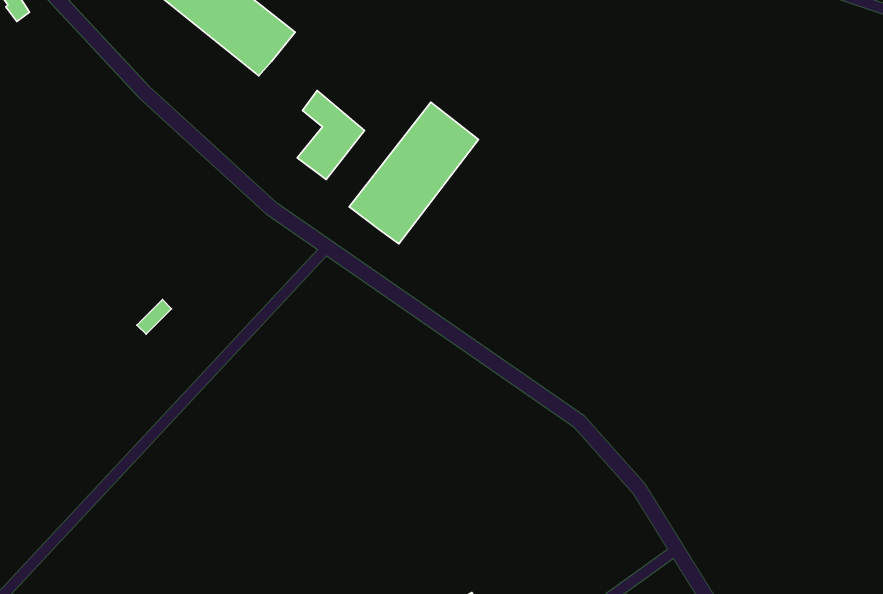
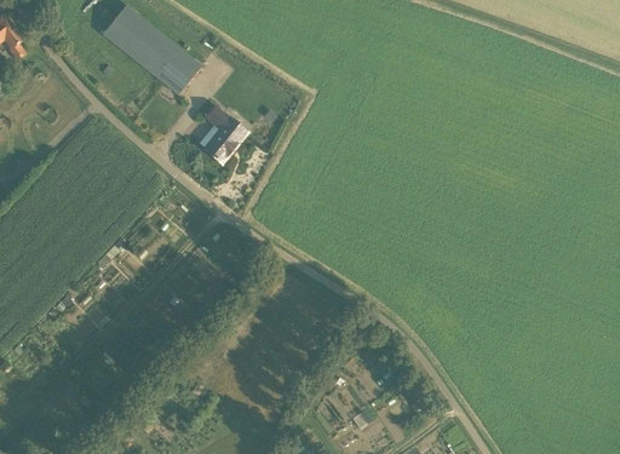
building: [349,102,479,244] -> none

